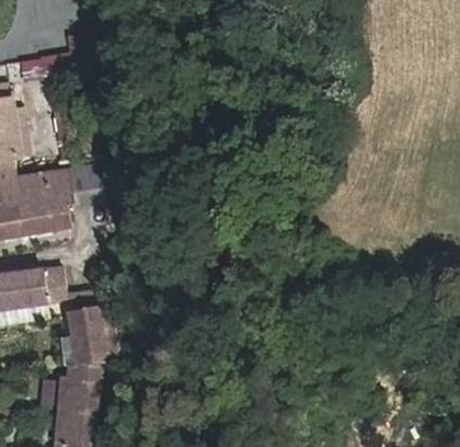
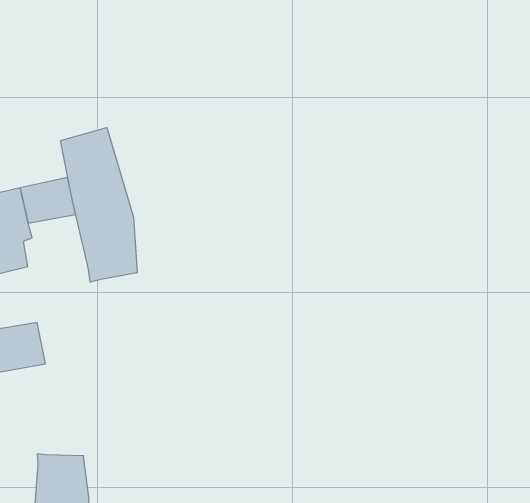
building: none -> [60,128,137,282]
building: [65,307,111,370] -> none

